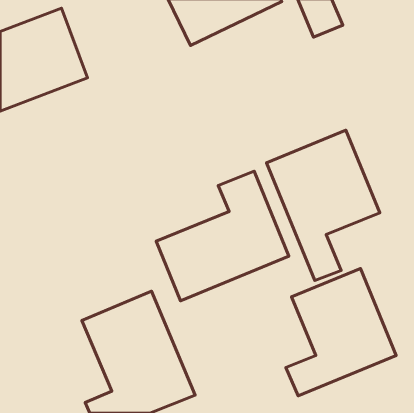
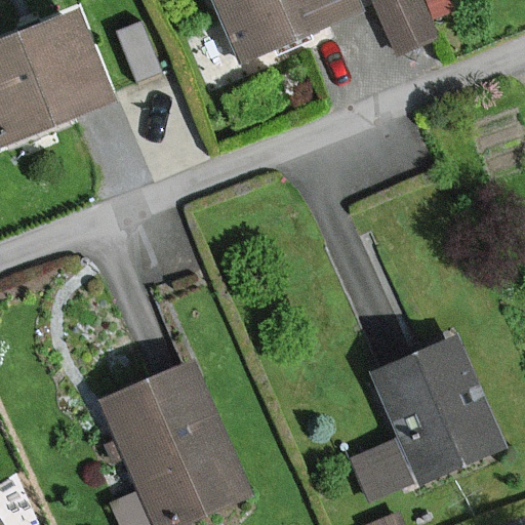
building: [267,130,380,281] -> none
building: [156,171,289,301] -> none

